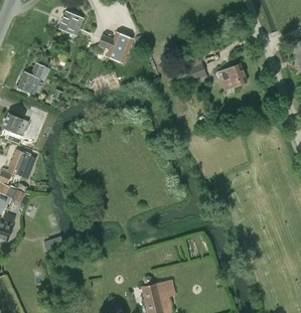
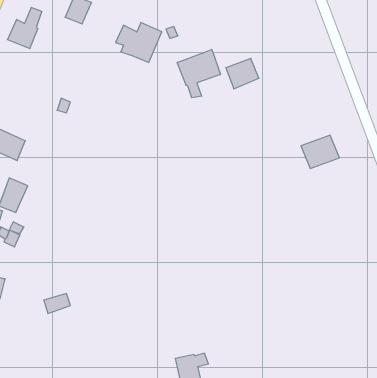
building: none -> [177,49,220,98]
building: [17,63,43,95] -> [7,7,42,49]
building: [217,64,247,90] -> [301,135,339,168]

